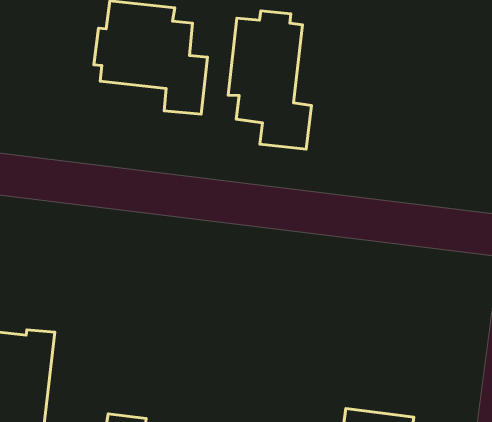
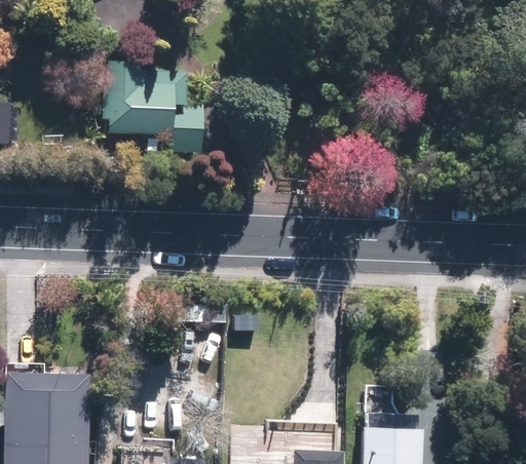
building: [228,11,312,149] -> none

